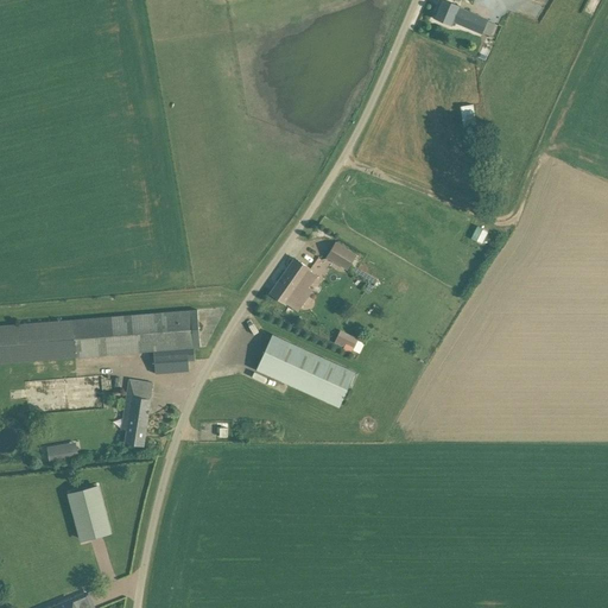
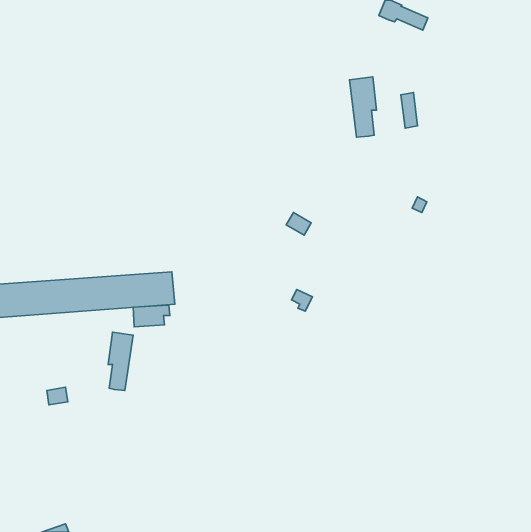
building: none -> [349,77,376,137]
building: [268,258,311,311] -> none
building: [255,334,354,407] -> none
building: [69,486,108,539] -> none

